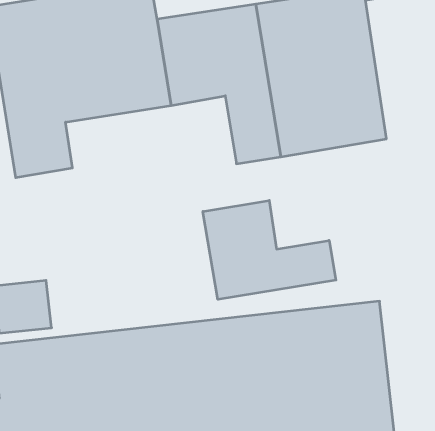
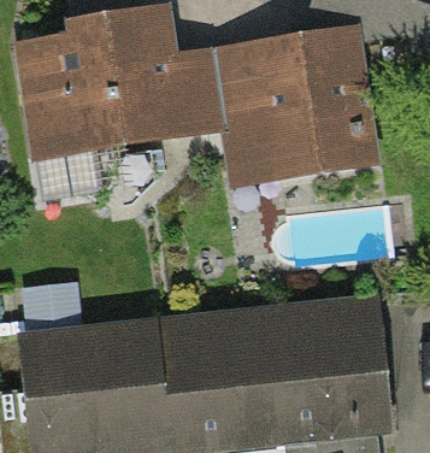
building: [203,200,336,299] -> none

